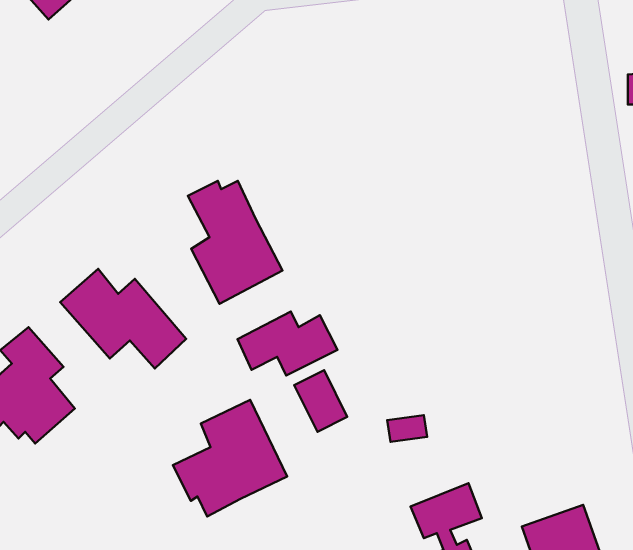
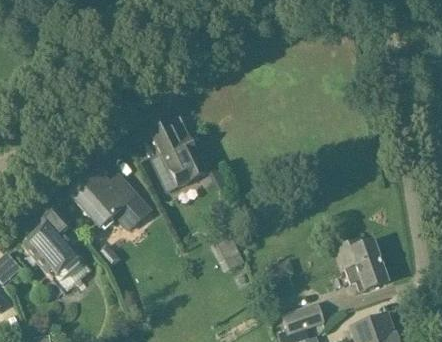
building: [237,312,337,376] -> none
building: none -> [337,239,388,290]
building: [173,400,287,516] -> none

